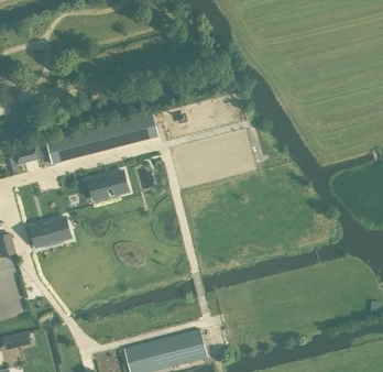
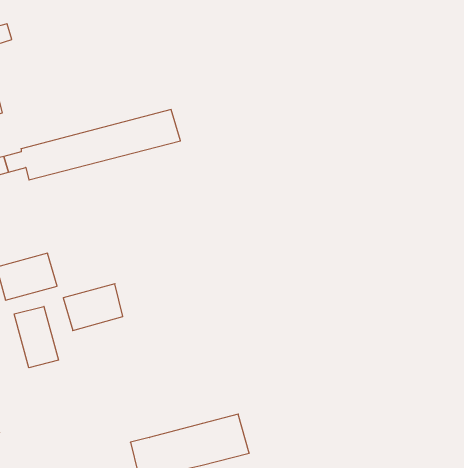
building: [86,168,128,201] -> [63,284,123,331]
building: none -> [14,306,59,368]

